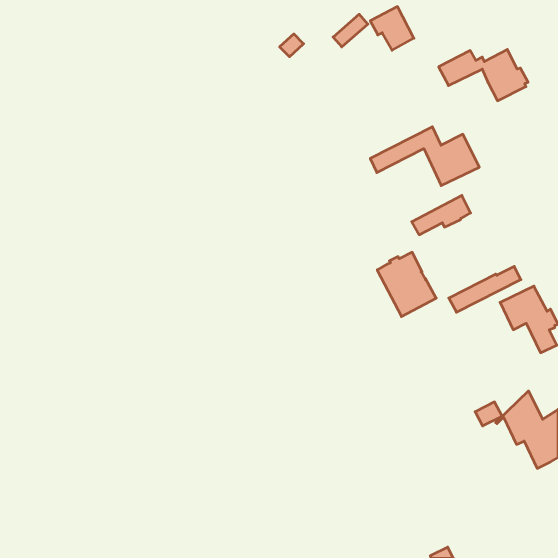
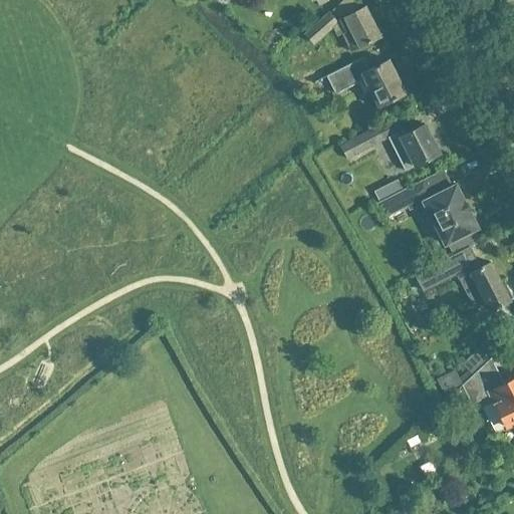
building: [439,49,528,101] -> [326,59,409,106]
building: [377,252,436,317] -> [424,185,478,244]

